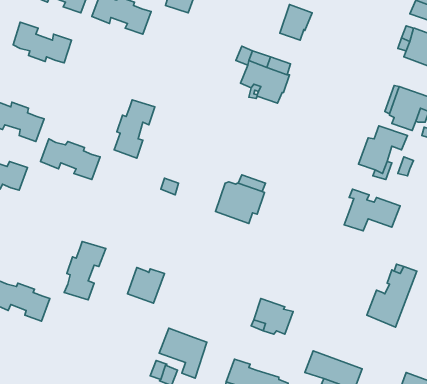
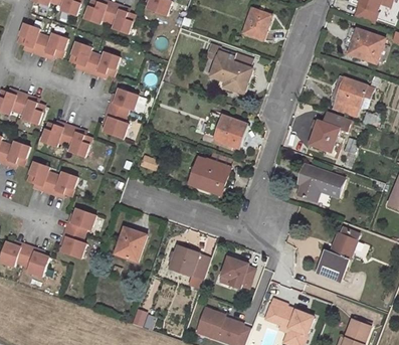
building: none -> [69,41,120,75]
building: none -> [202,112,245,147]
building: none -> [28,161,77,196]
building: [159,328,207,378] -> [169,245,209,288]

